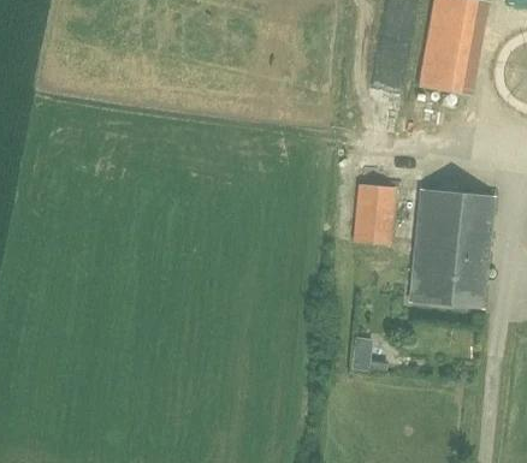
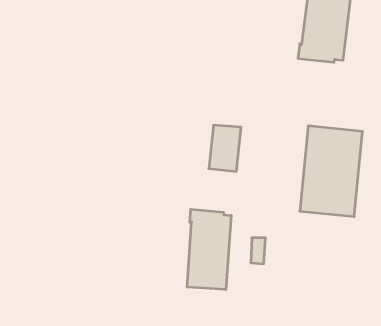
building: [355,185,397,245] -> [209,125,241,171]
building: none -> [187,209,231,290]

